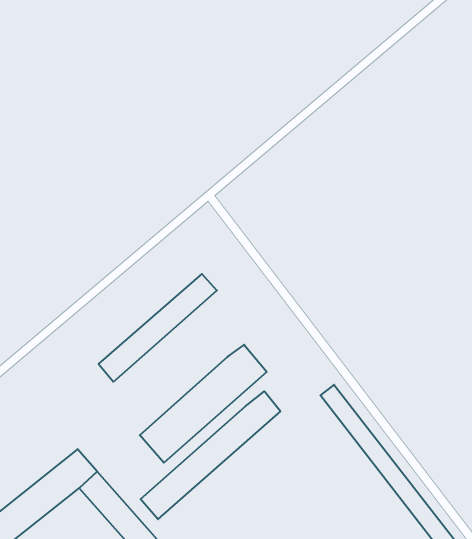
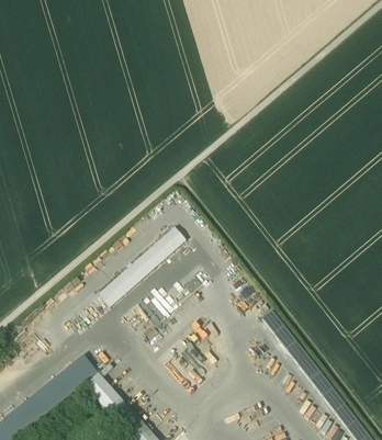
building: [140,345,267,463] -> none
building: [141,391,280,519] -> none

